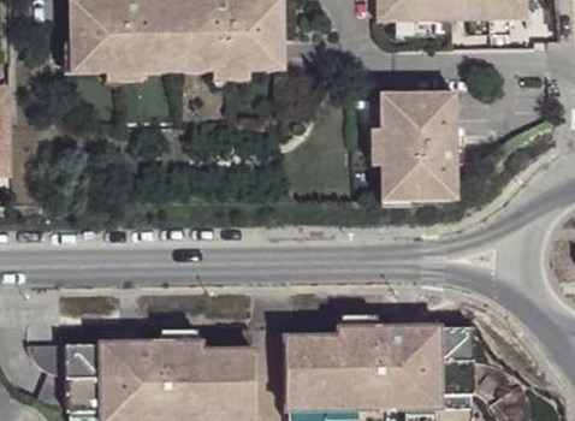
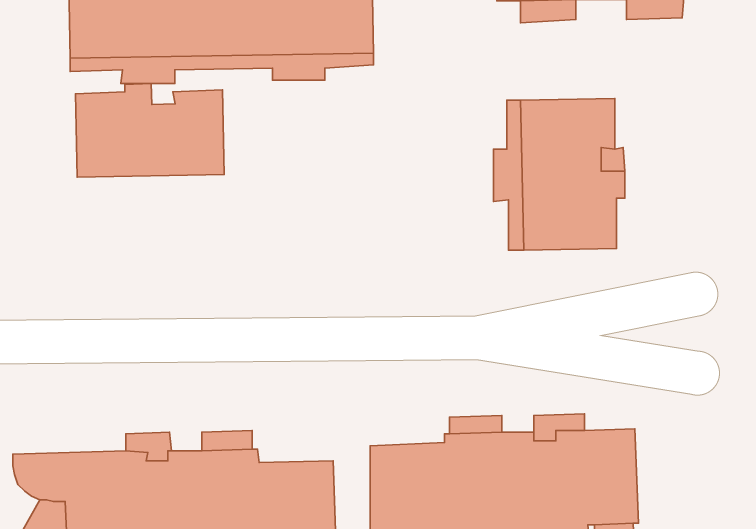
building: none -> [75,83,224,177]

